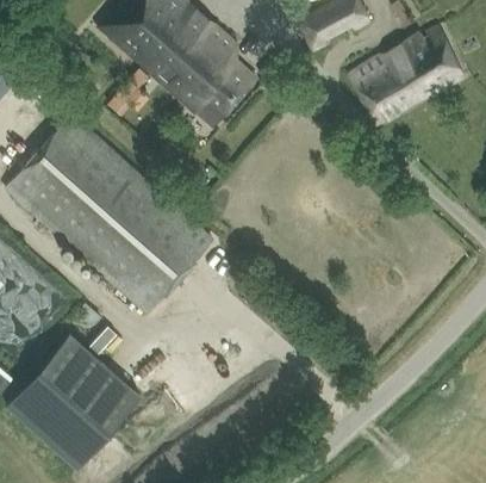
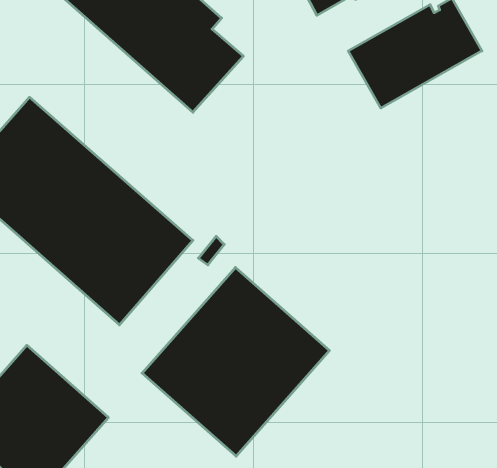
building: none -> [142,267,329,456]

